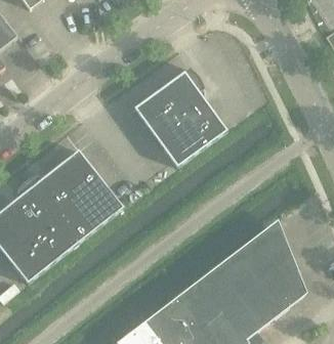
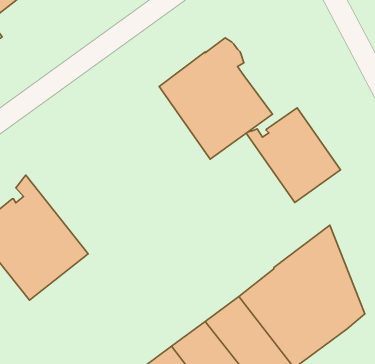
building: none -> [246,108,340,202]
building: [25,148,124,245] -> none

